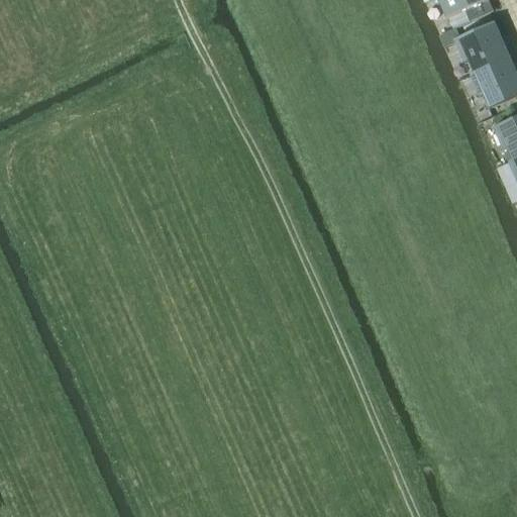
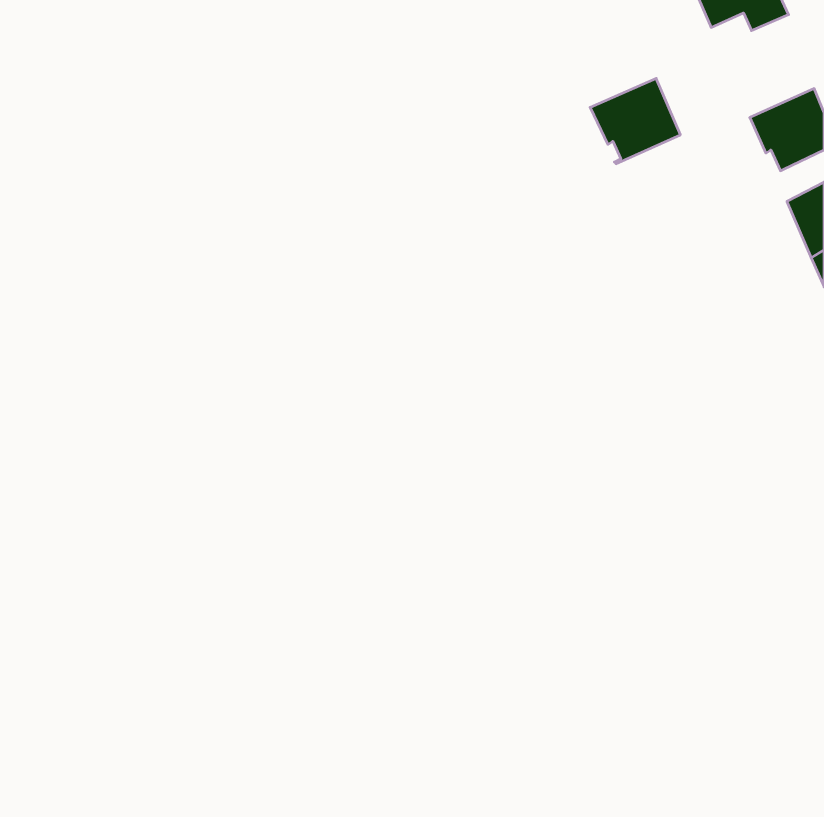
building: [453,20,510,74] -> [590,78,680,164]

